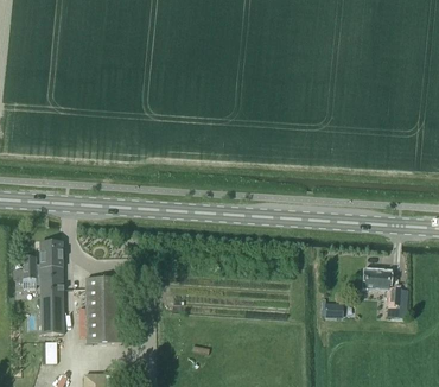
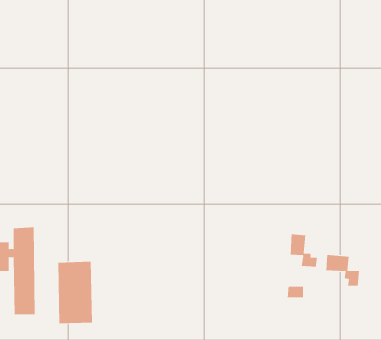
building: none -> [290,234,318,268]

